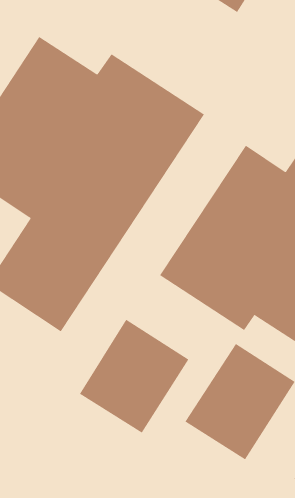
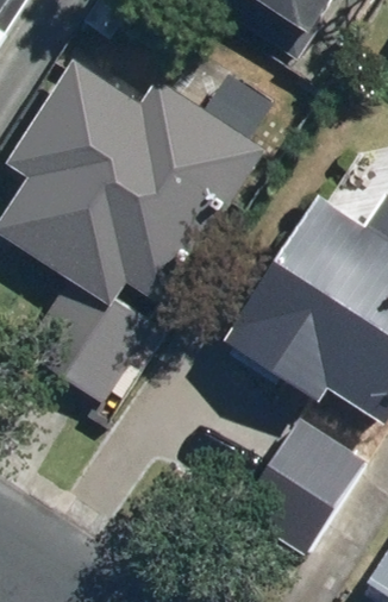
building: [79,319,189,433] -> none

